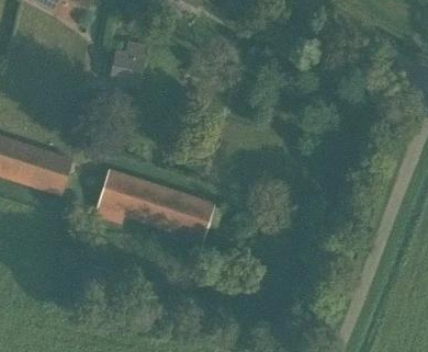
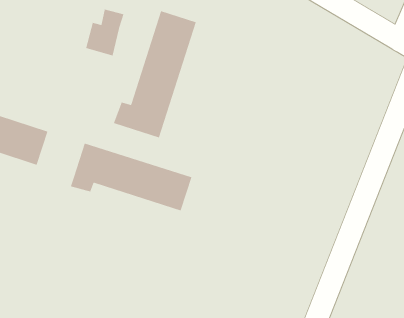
building: none -> [113,10,197,138]

